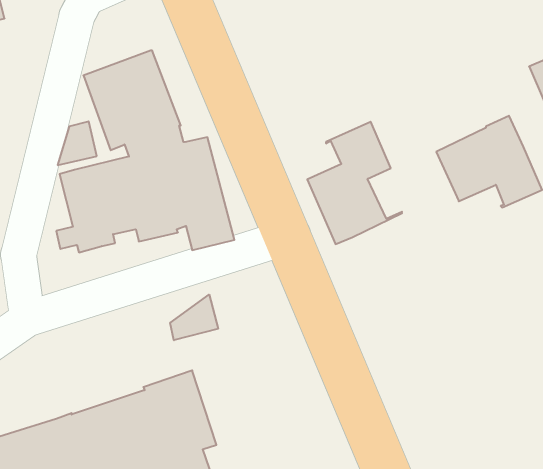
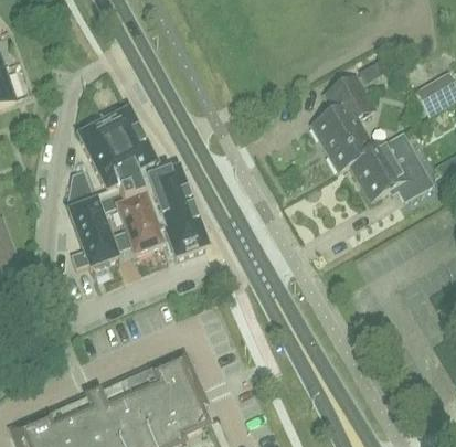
building: [307,122,402,244] -> [310,74,384,169]
building: [170,295,218,340] -> none

